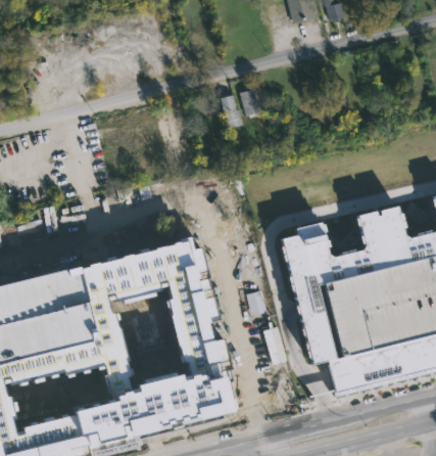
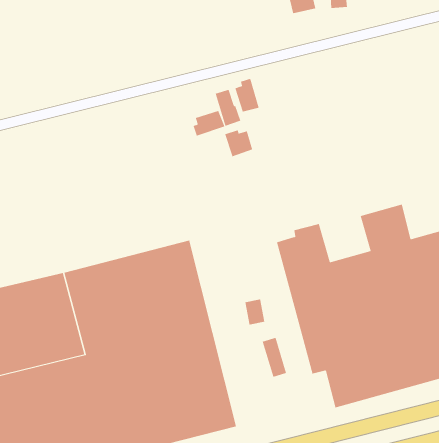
building: none -> [193,110,225,136]
building: none -> [224,130,253,157]

